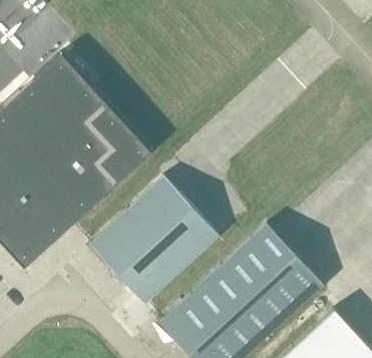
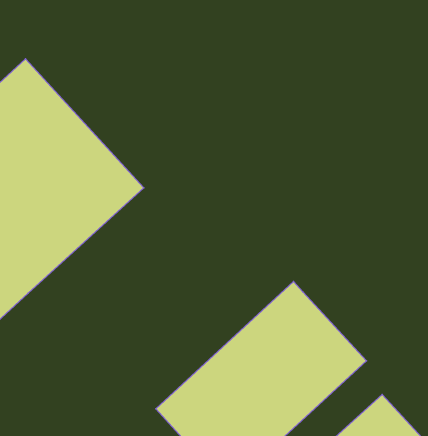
building: [89,176,218,304] -> none

